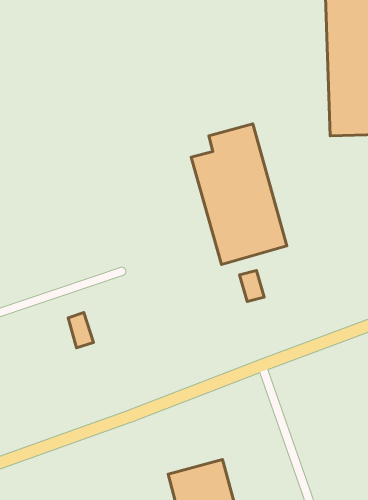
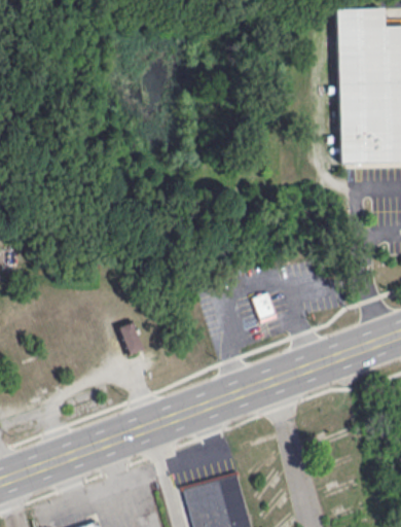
building: [191,124,287,264] -> none
building: [68,313,94,348] -> [119,322,144,356]

